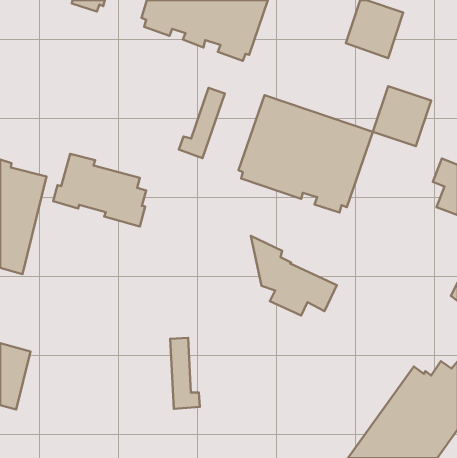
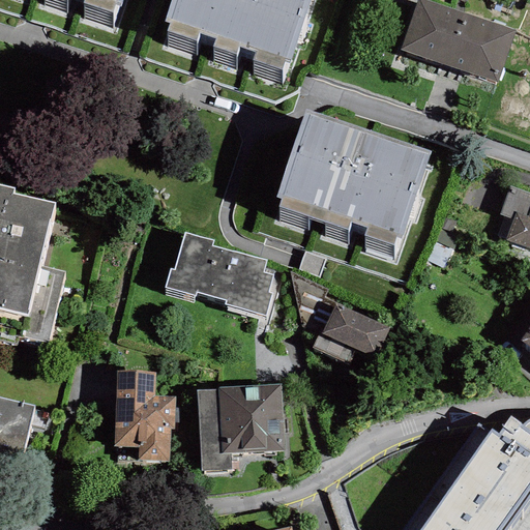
building: [373,86,431,146] -> [449,14,517,84]
building: [179,88,225,158] -> none
building: [53,154,146,226] -> [166,233,273,317]
building: none -> [114,370,176,462]
building: none -> [218,384,285,453]

